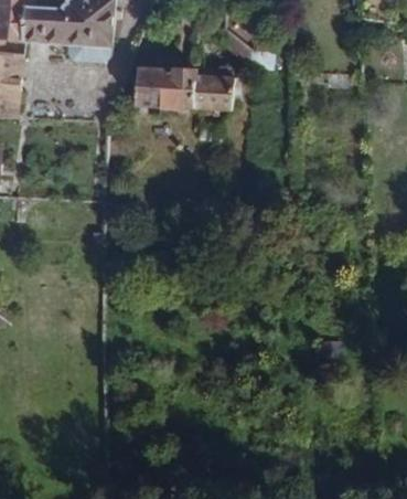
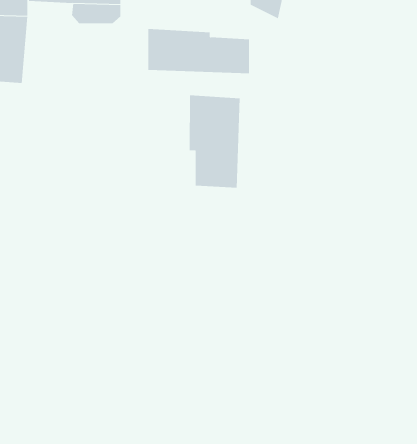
building: none -> [189,95,240,189]

